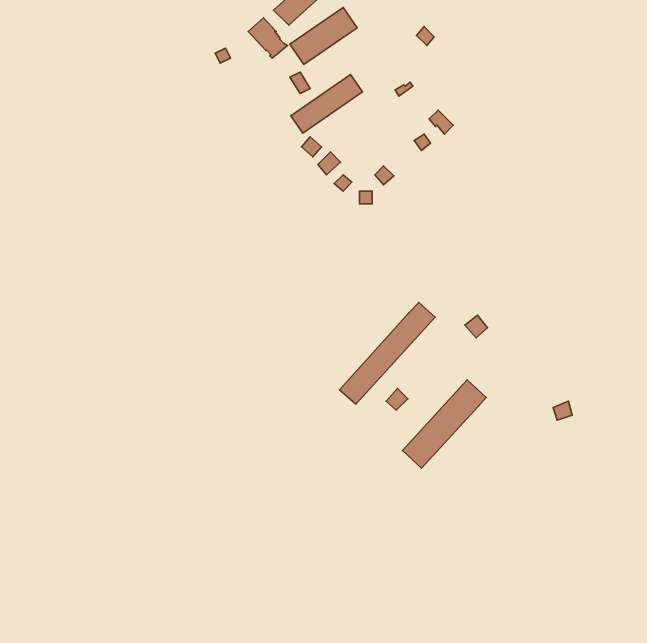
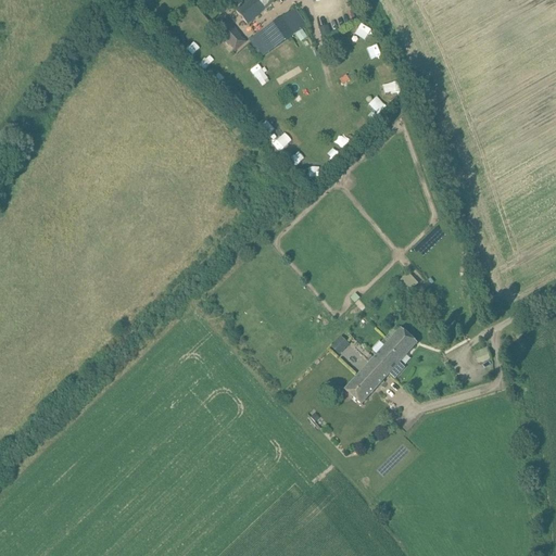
building: [291,74,363,133] -> none
building: [339,303,435,404] -> none

